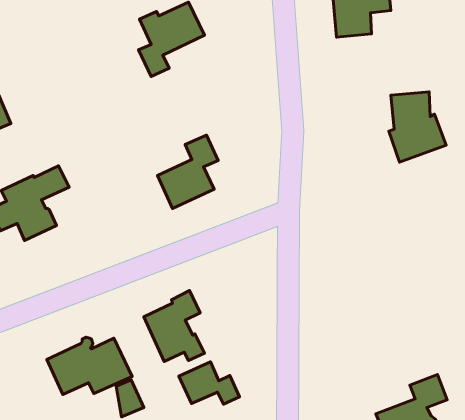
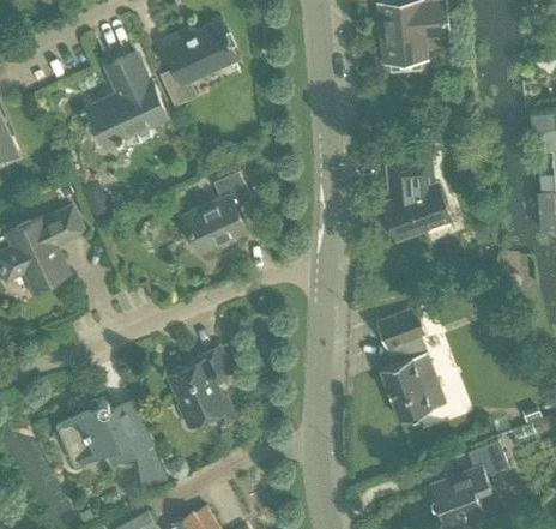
building: none -> [89,54,168,146]
building: [389,92,446,162] -> [385,158,449,238]
building: none -> [377,308,445,422]
building: [179,362,240,404] -> none

